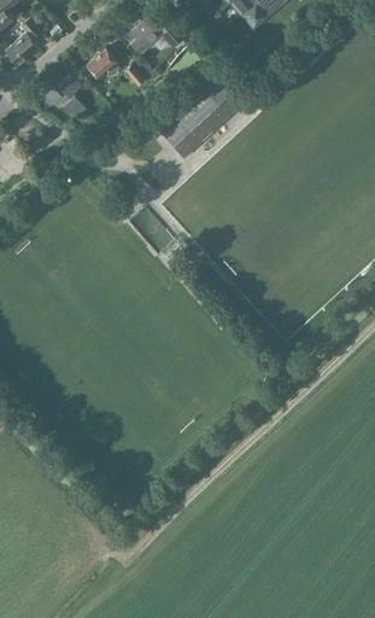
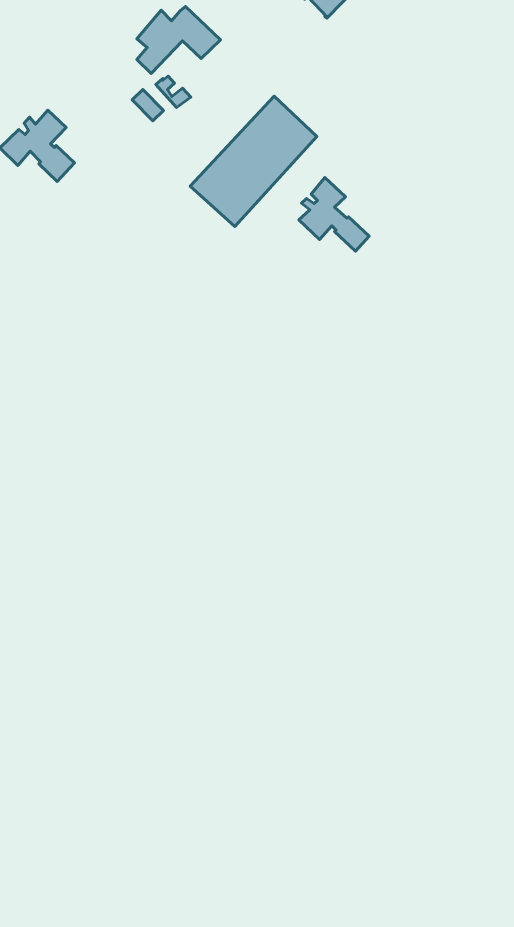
building: [87,49,121,80] -> none
building: none -> [299,178,369,251]

